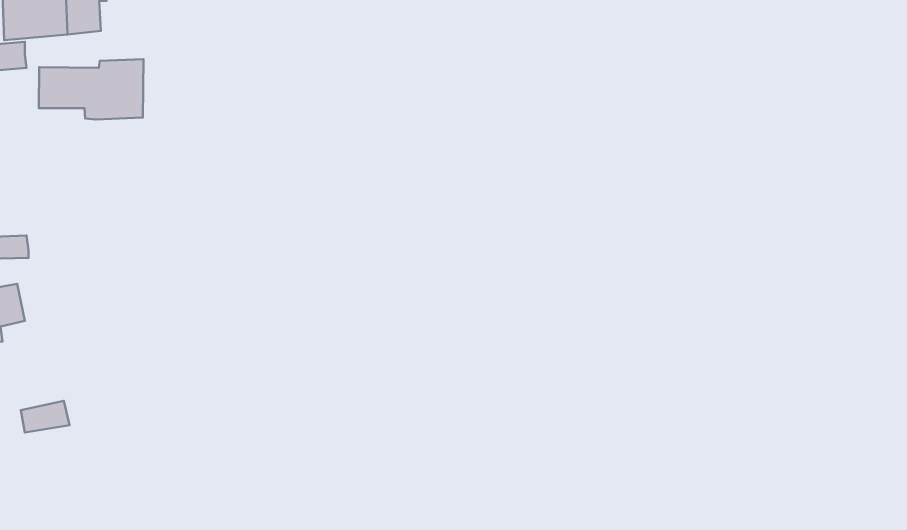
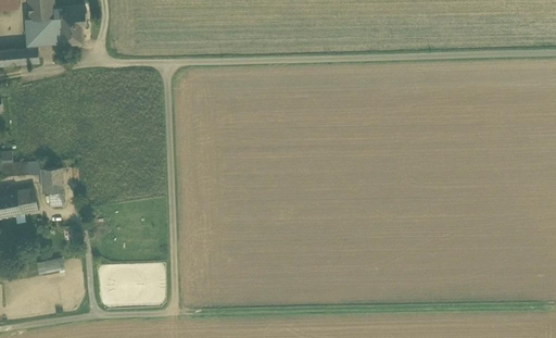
building: [39,59,143,119] -> none
building: none -> [39,167,63,205]

